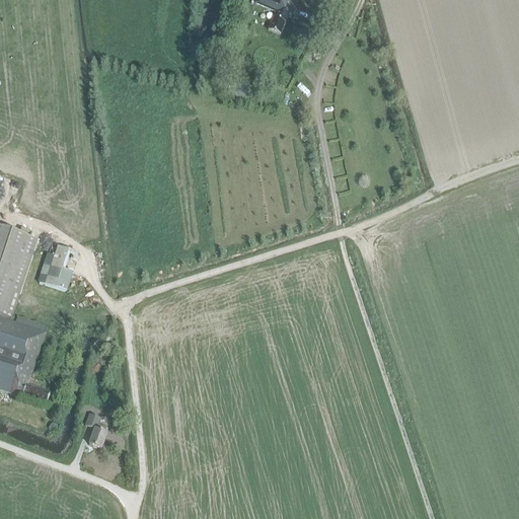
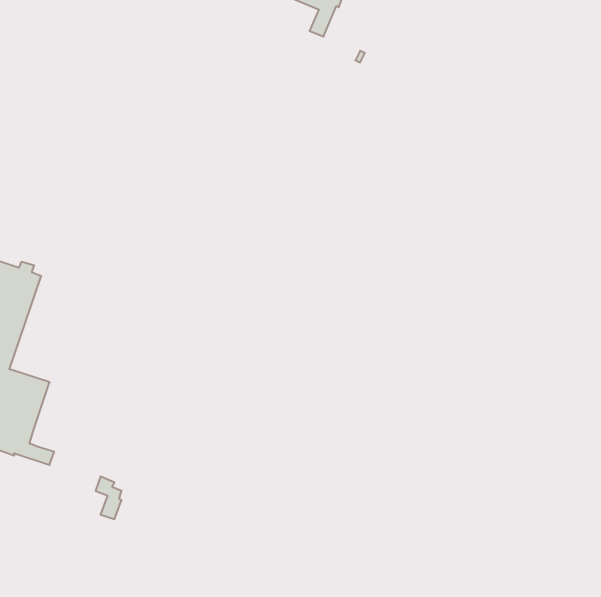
building: [39,242,80,288] -> none

